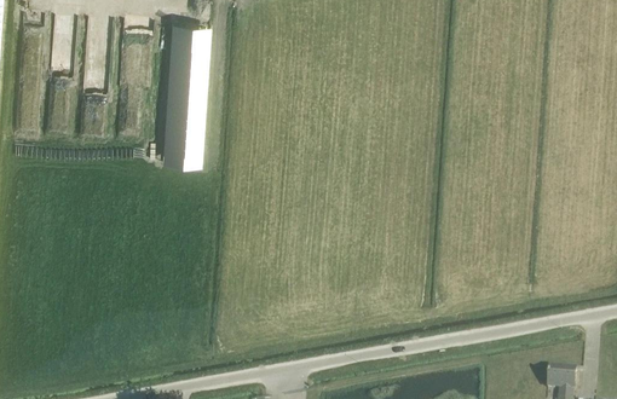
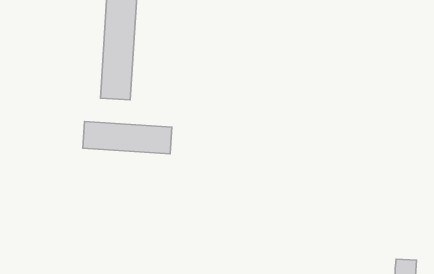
building: none -> [83,122,172,154]

